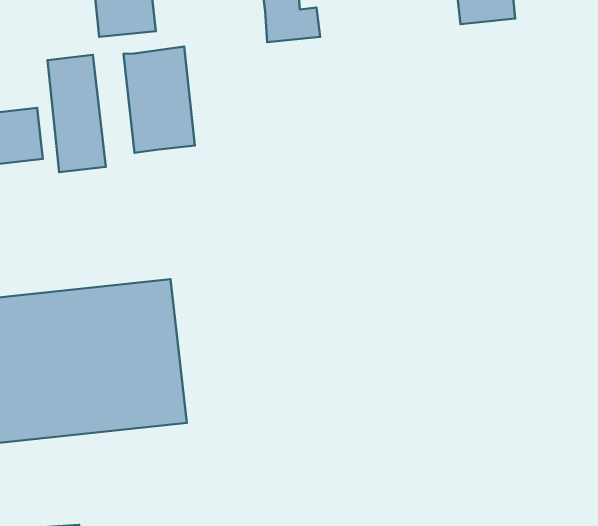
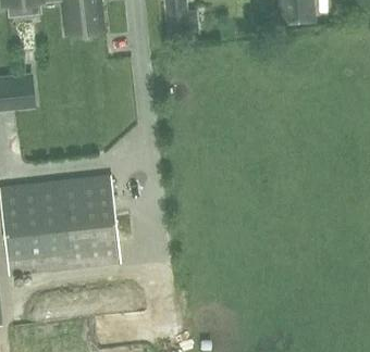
building: [124,47,195,153] -> none
building: [48,55,106,172] -> none

